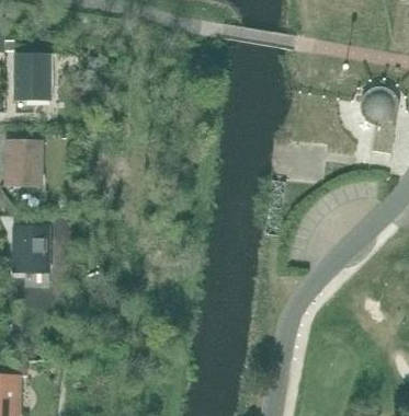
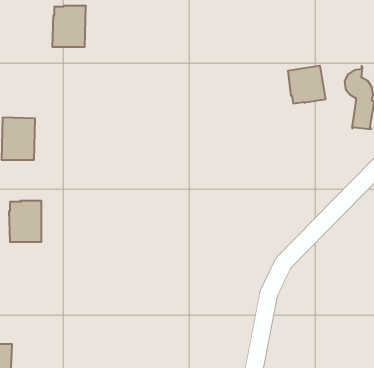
building: [14,56,49,99] -> [52,6,86,47]
building: none -> [288,66,325,104]

